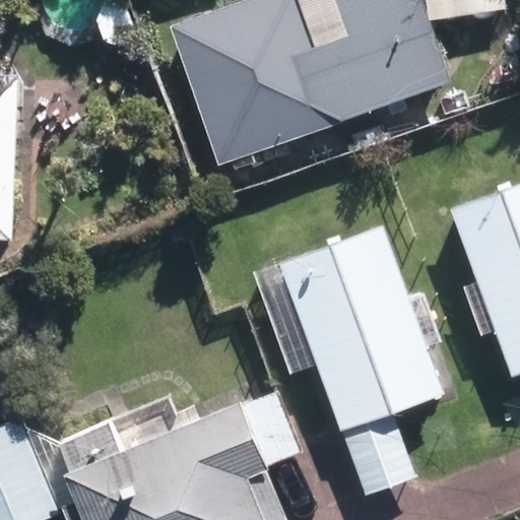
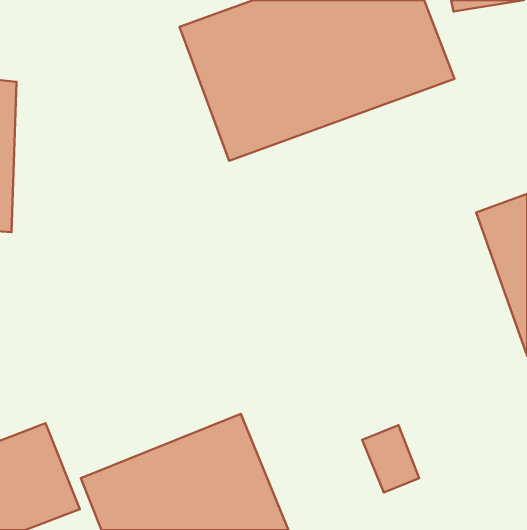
building: [294,235,434,414] -> none

